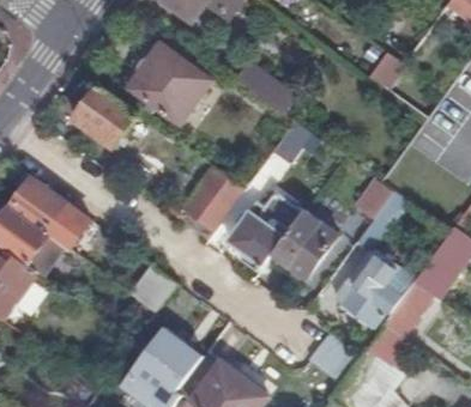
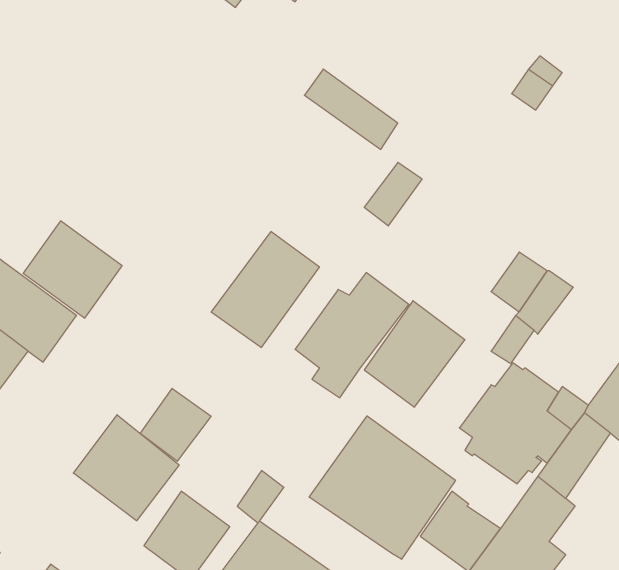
building: [126,43,211,124] -> none
building: [73,84,137,146] -> [23,221,122,318]
building: none -> [73,415,179,521]
building: none -> [309,416,455,559]

